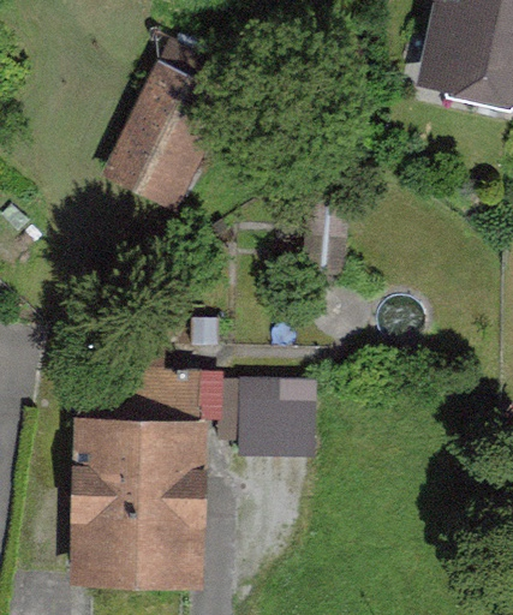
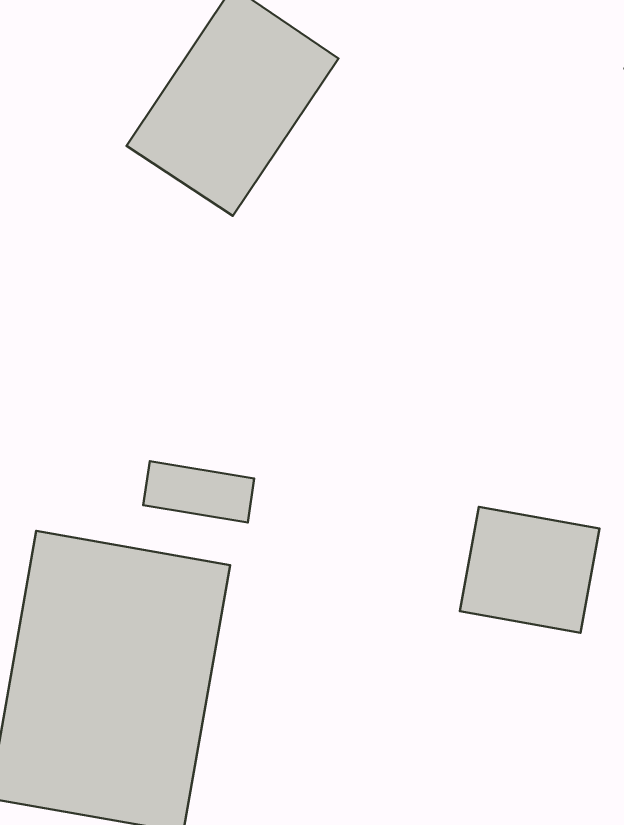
building: [231,371,312,442] -> [460,507,600,633]

